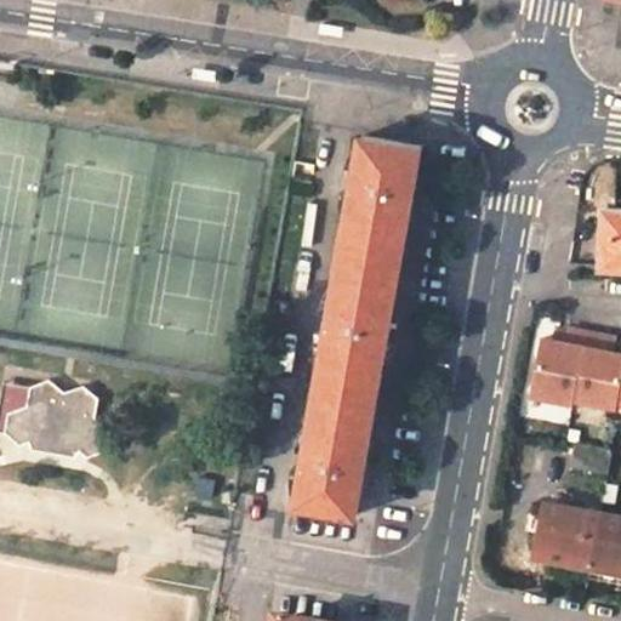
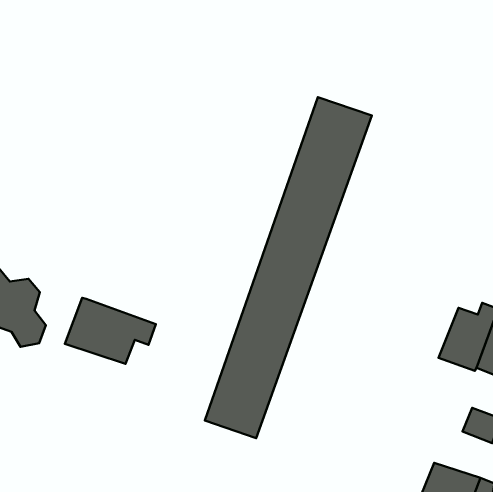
building: none -> [65,298,156,364]

